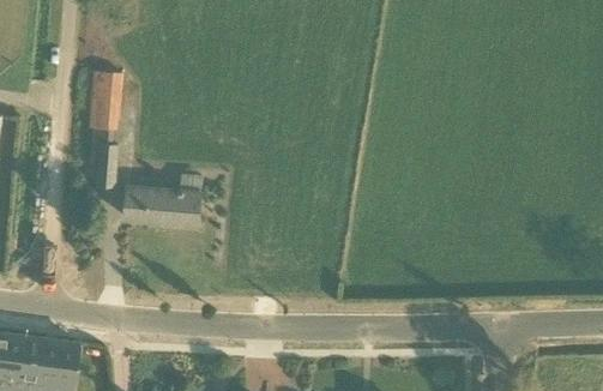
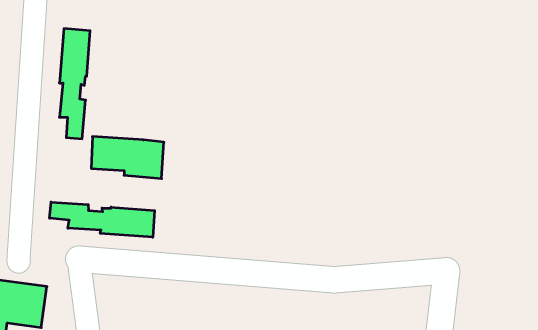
building: none -> [50,202,155,237]

